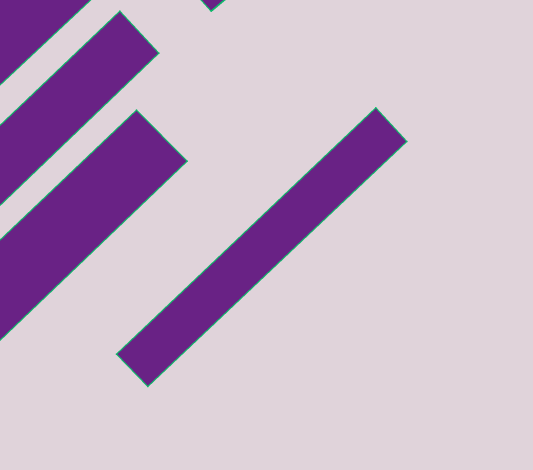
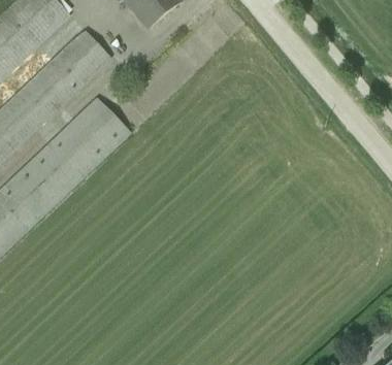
building: [117,108,407,386] -> none

